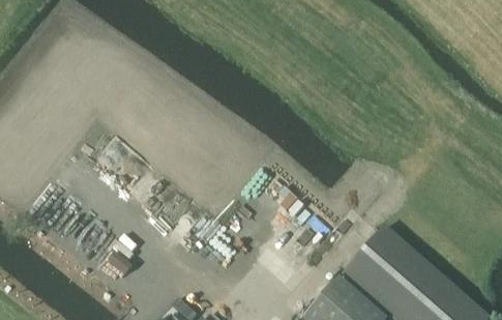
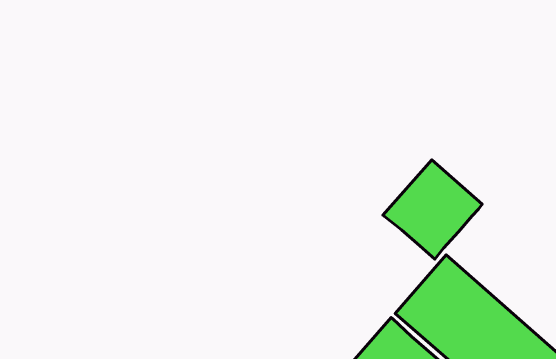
building: none -> [383,160,482,259]

